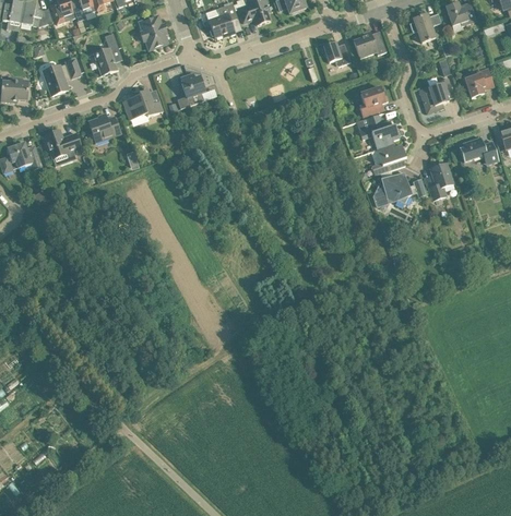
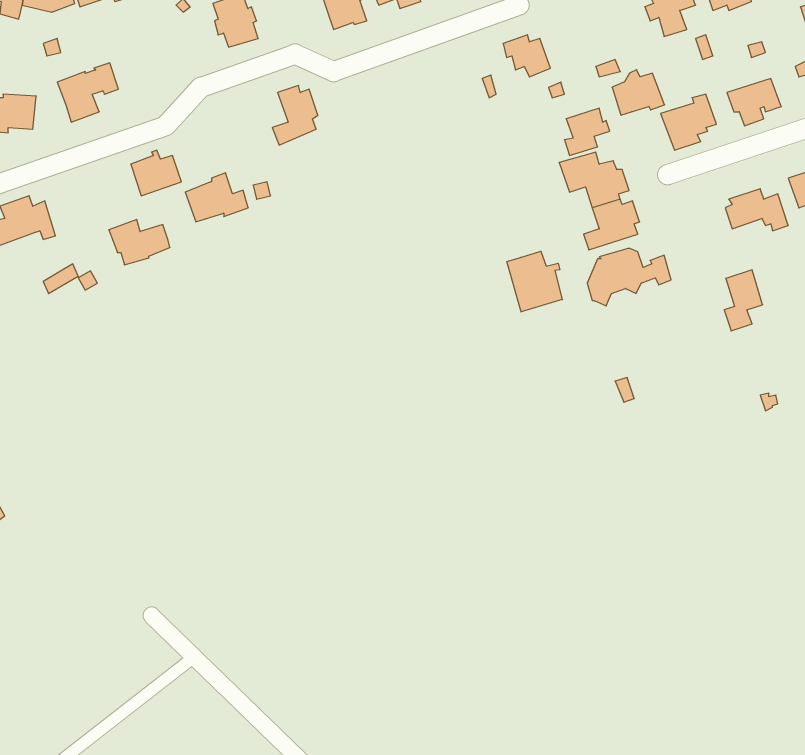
building: [353,28,385,57] -> [612,70,665,115]
building: [93,32,117,74] -> none
building: [122,88,162,119] -> [185,173,248,222]
building: [41,129,80,157] -> [109,219,170,265]
building: [428,161,452,200] -> [724,270,763,331]
building: none -> [507,251,562,312]

